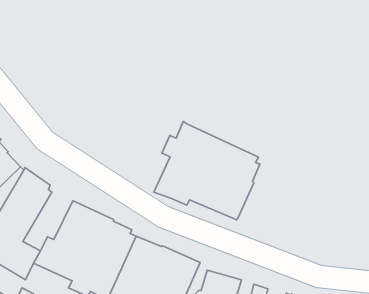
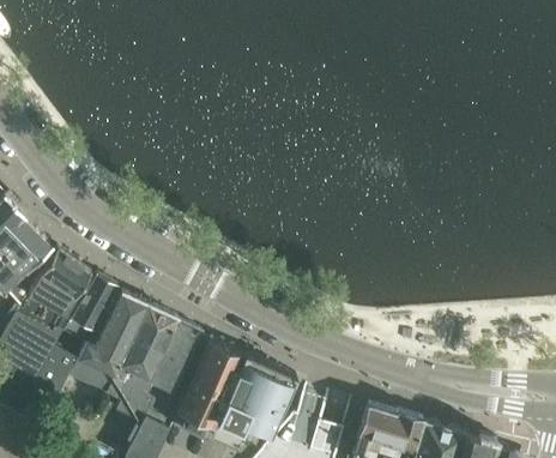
building: [154,122,260,220] -> none
building: none -> [50,275,119,360]

